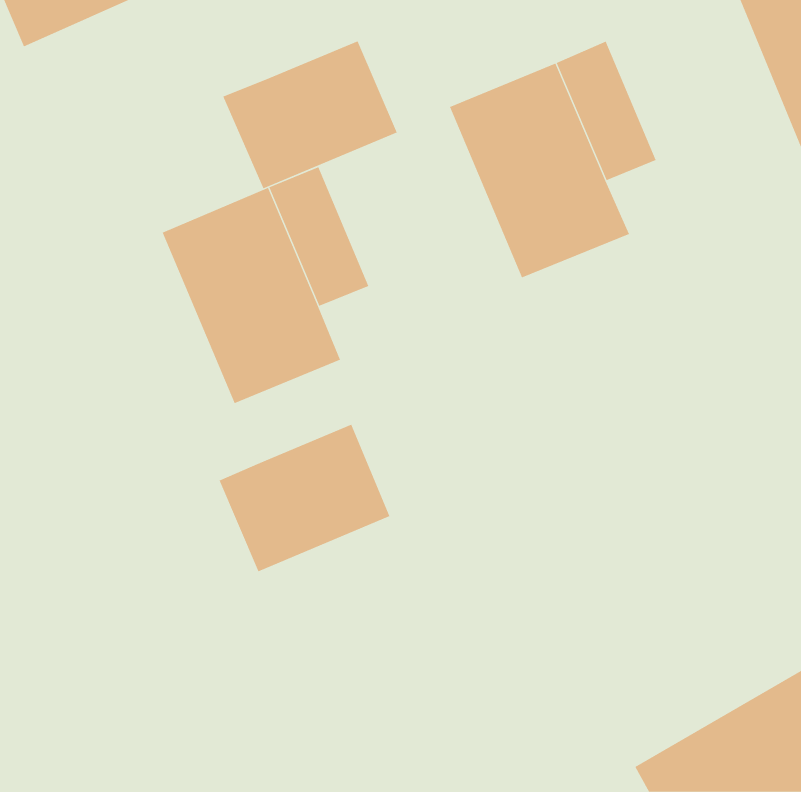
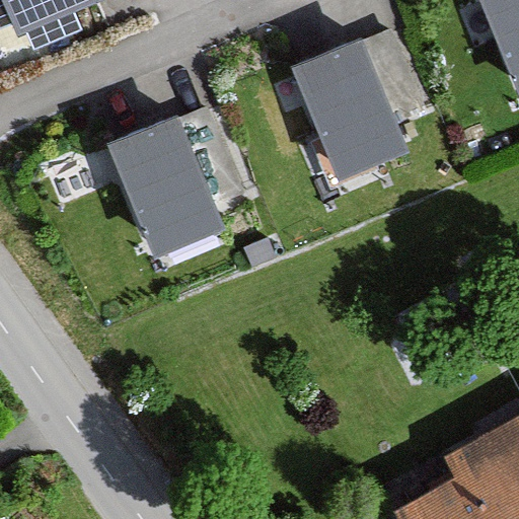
building: [223,41,397,189] -> none
building: [219,424,390,572] -> none

